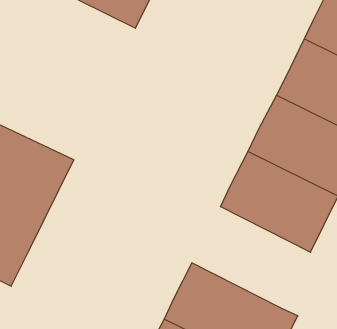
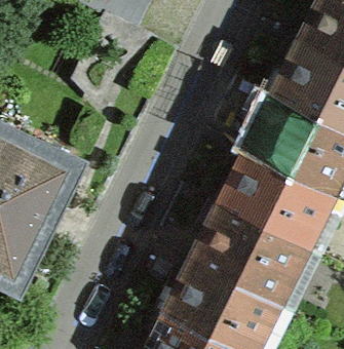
building: none -> [189,204,304,303]

